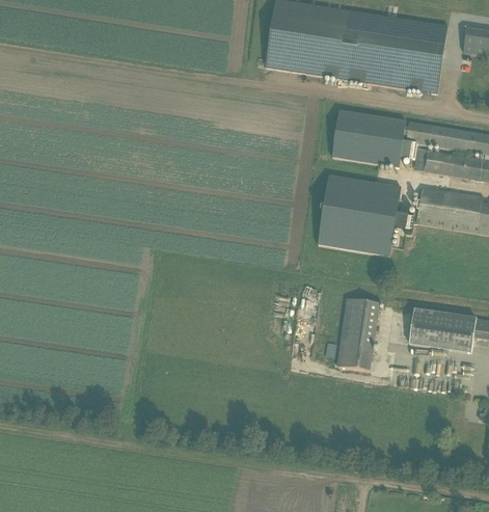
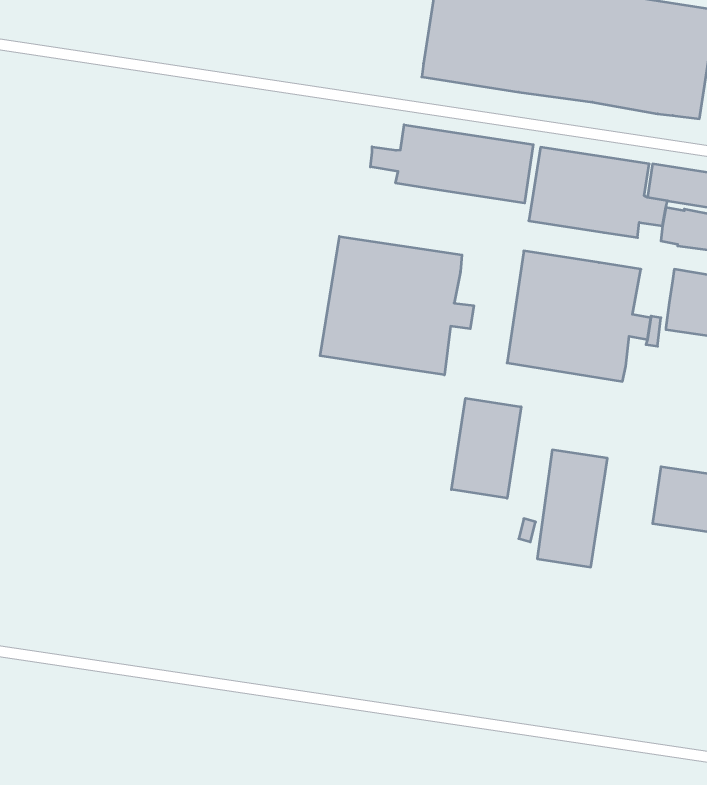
building: none -> [370,125,533,203]
building: none -> [320,236,474,375]
building: none -> [451,398,521,498]

